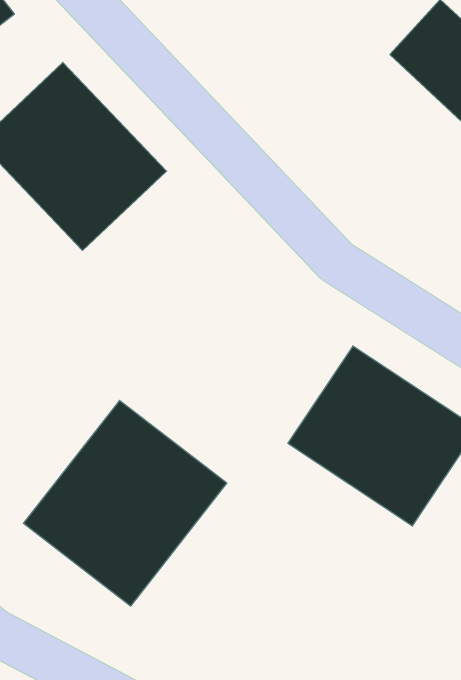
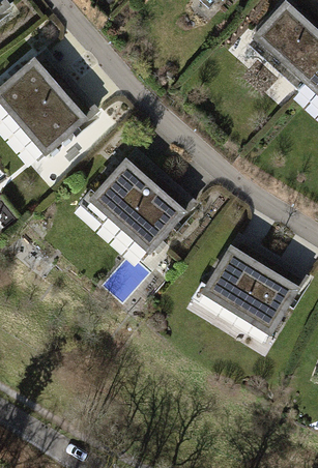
building: none -> [87,147,208,264]
building: [24,400,227,606] -> none

